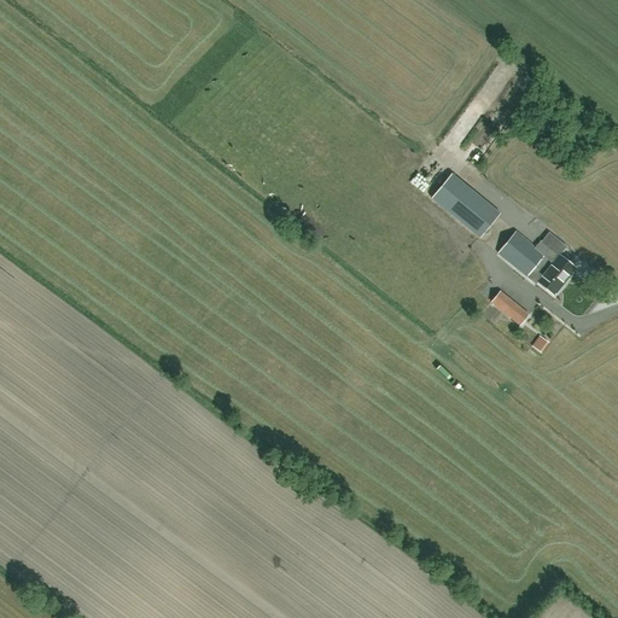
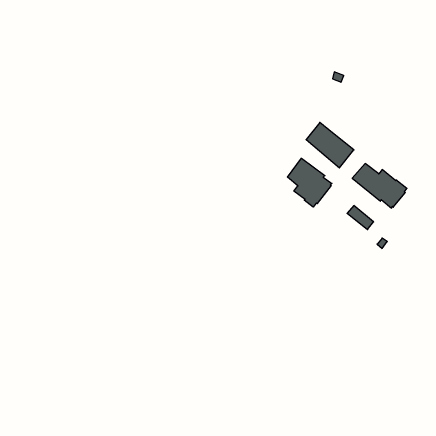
building: none -> [287,158,332,207]

